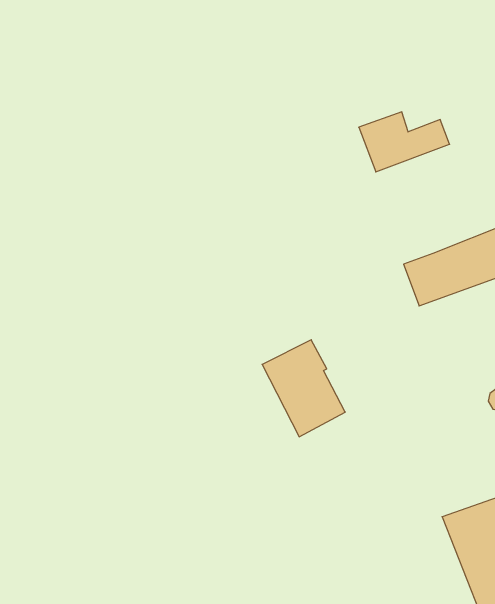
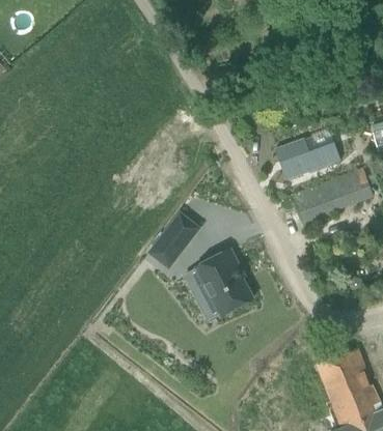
building: [359,112,450,172] -> [274,138,335,178]
building: none -> [147,211,197,265]

